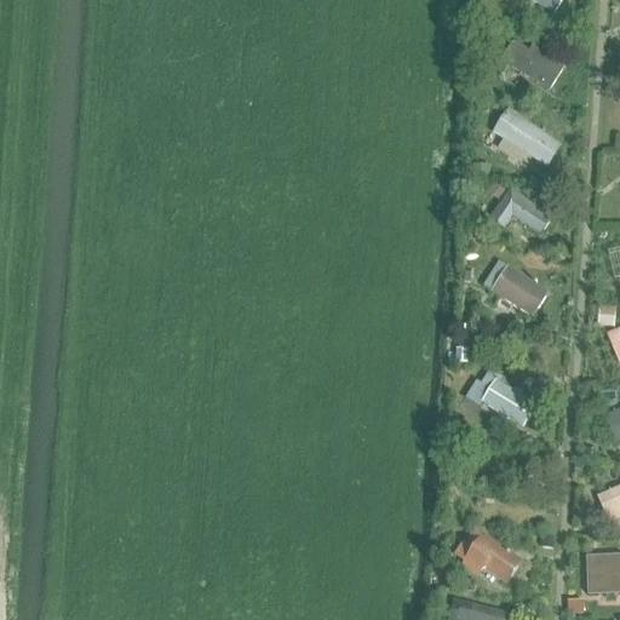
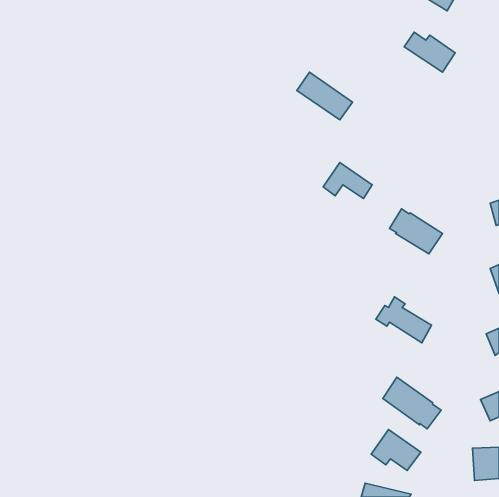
building: [493,107,562,166] -> [297,72,353,120]
building: [489,186,550,231] -> [323,163,372,199]
building: none -> [383,377,441,429]

